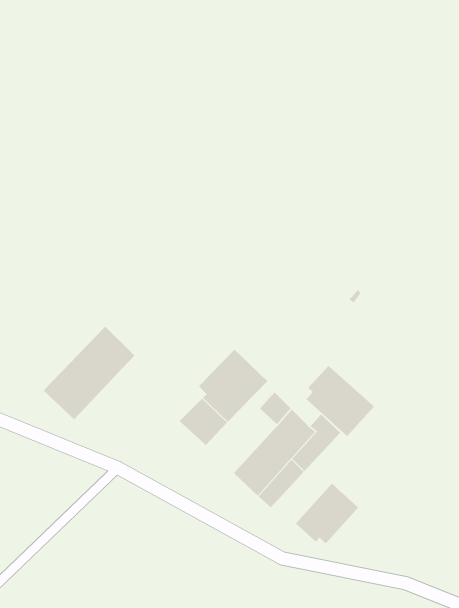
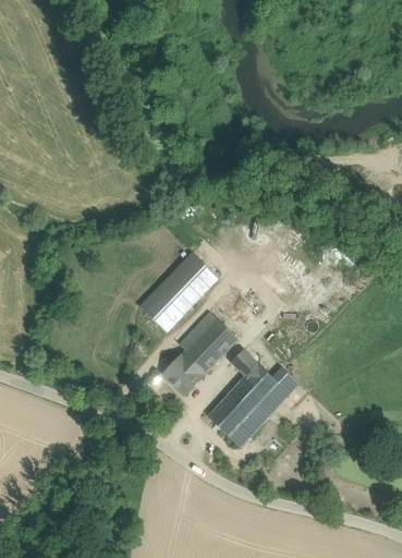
building: [43,326,135,420] -> [139,252,217,331]
building: [305,365,375,437] -> none
building: [295,483,359,544] -> none

